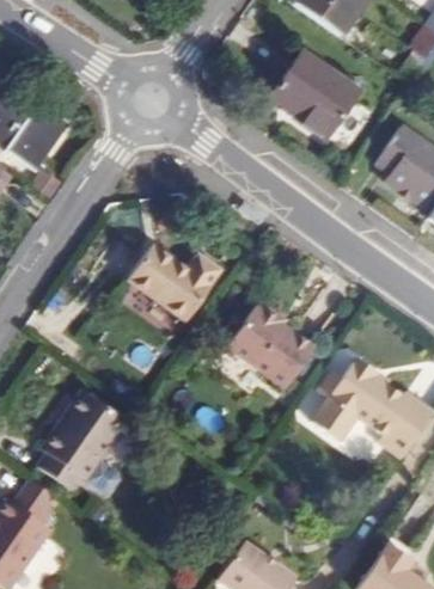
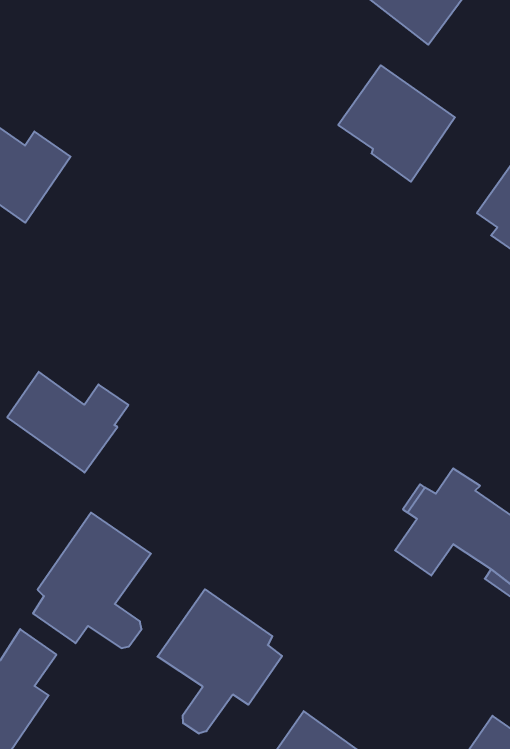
building: [129,244,221,320] -> [7,372,128,473]
building: [228,300,316,387] -> none
building: none -> [157,589,282,734]

